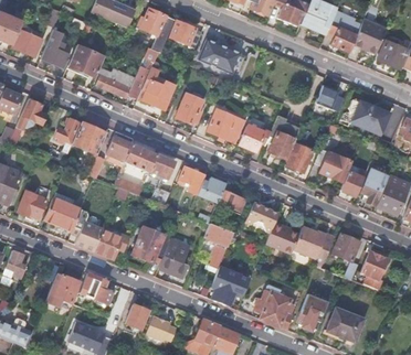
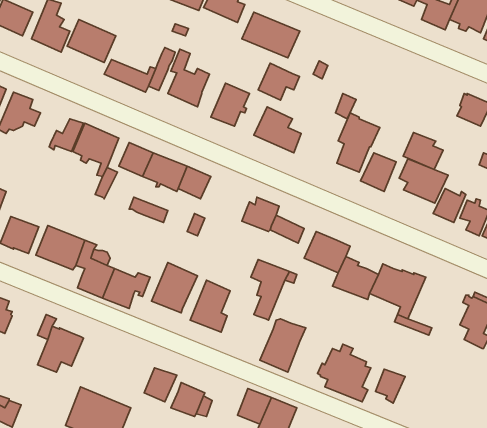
building: [316,83,346,110] -> [403,132,443,169]
building: [239,123,270,151] -> [258,63,300,100]
building: [176,165,206,194] -> none
building: [333,233,361,279] -> none
building: [78,272,113,303] -> none
building: [327,308,362,337] -> none

